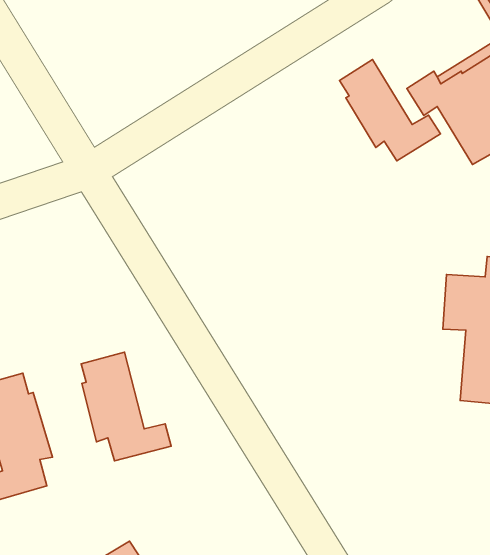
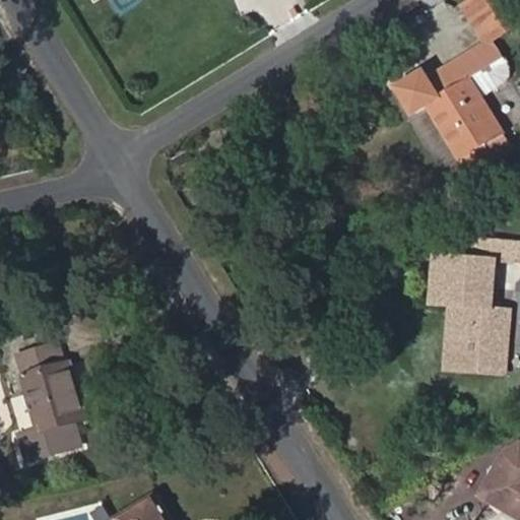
building: [339,60,440,161] -> none
building: [81,352,171,461] -> none

